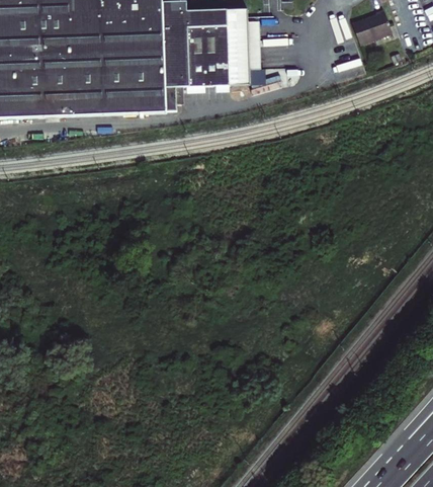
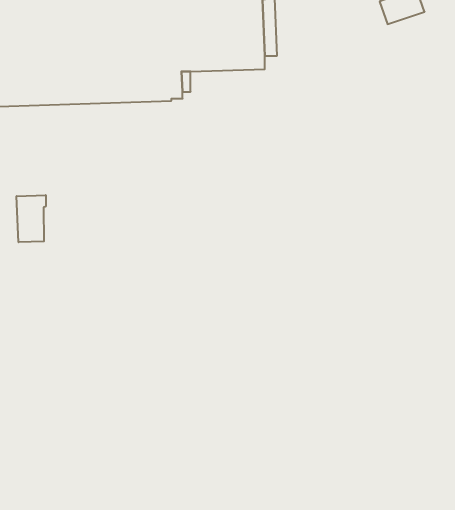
building: none -> [17,195,46,242]

